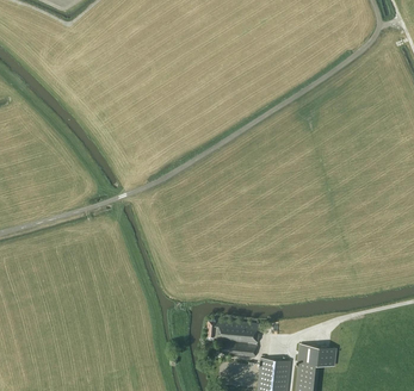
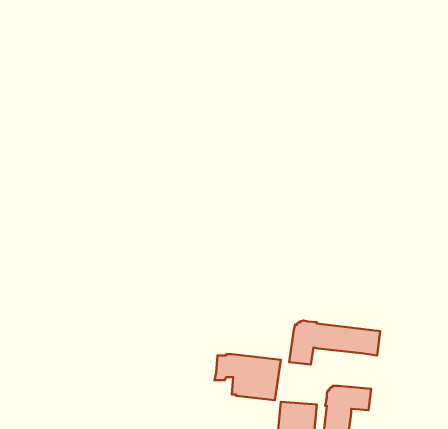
building: none -> [289,321,380,364]

